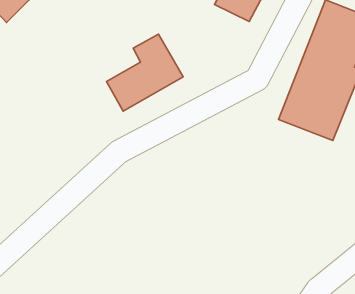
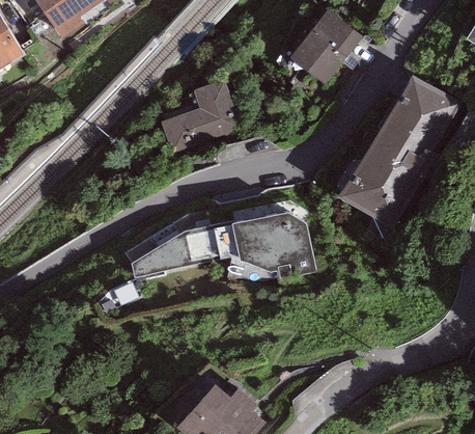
building: none -> [125,212,315,286]

